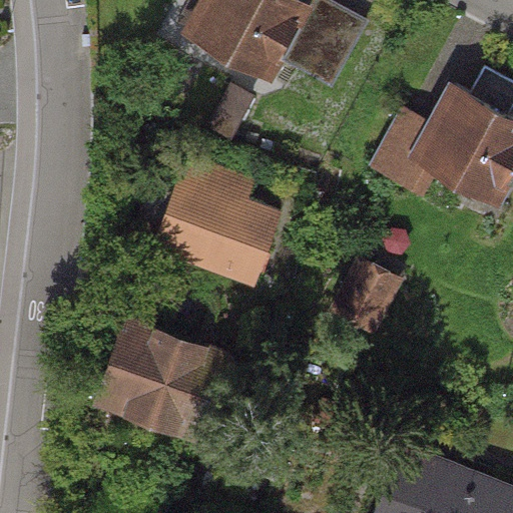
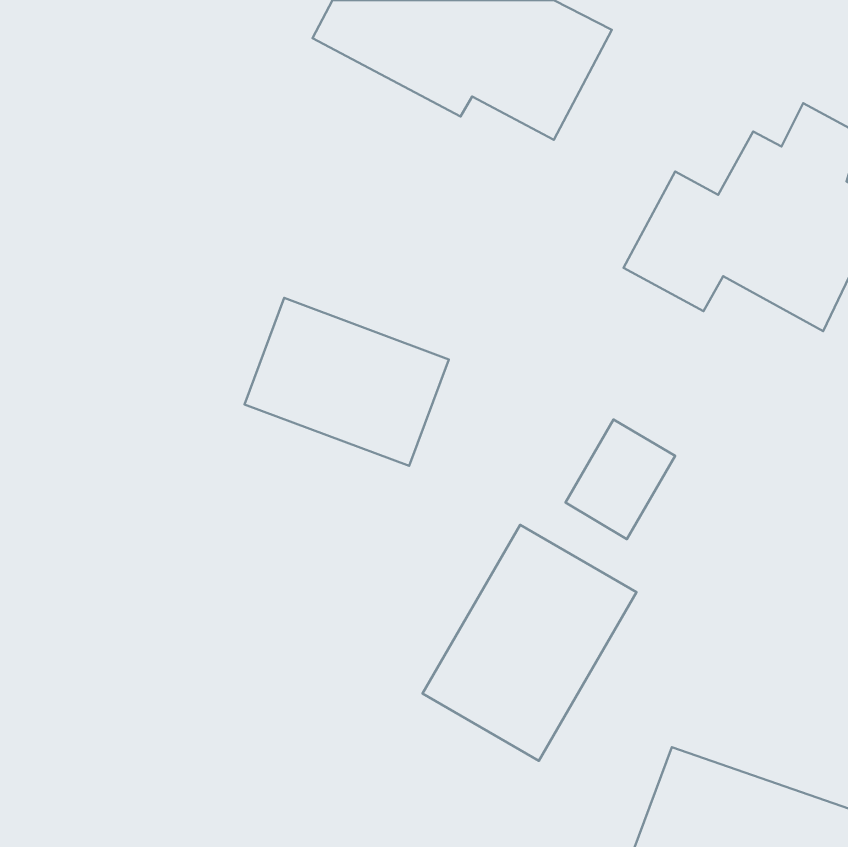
building: none -> [423,525,637,761]
building: [82,319,224,441] -> none

